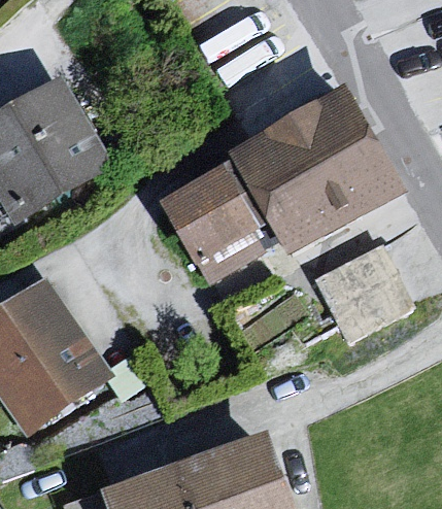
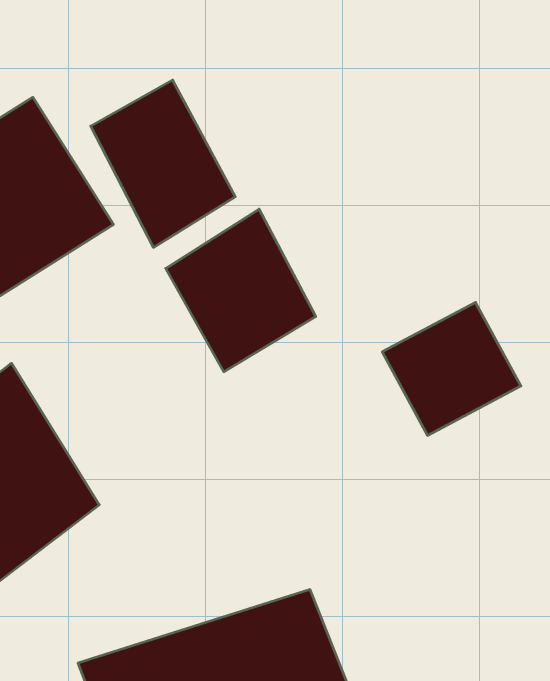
building: none -> [91,80,235,247]
building: [225,90,402,256] -> none

